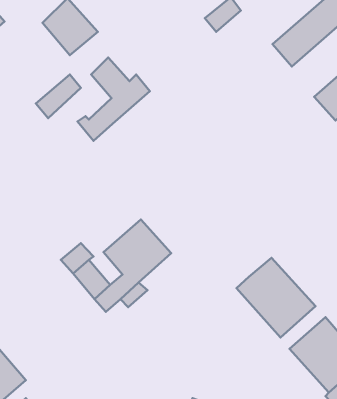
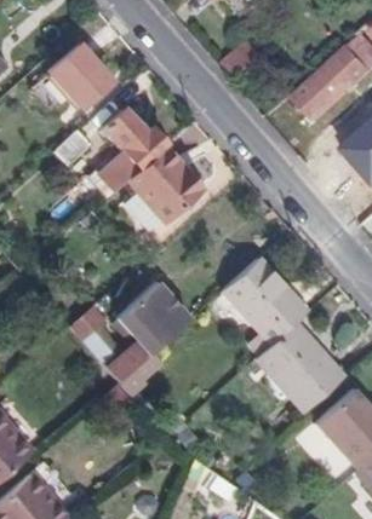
building: none -> [125,144,202,221]
building: none -> [223,256,308,344]

